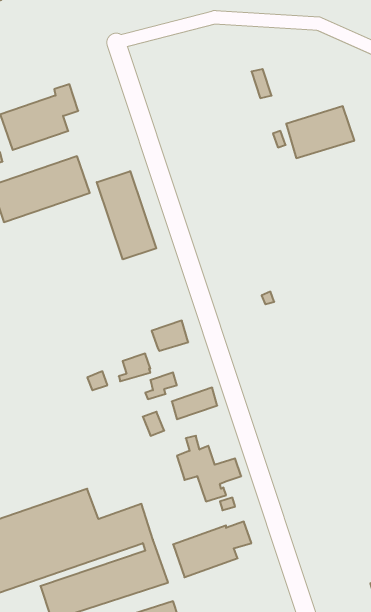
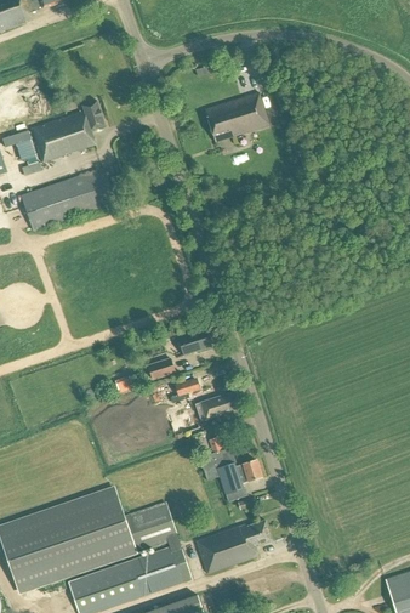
building: [286,106,354,158] -> [204,92,269,142]
building: [97,171,156,259] -> none

